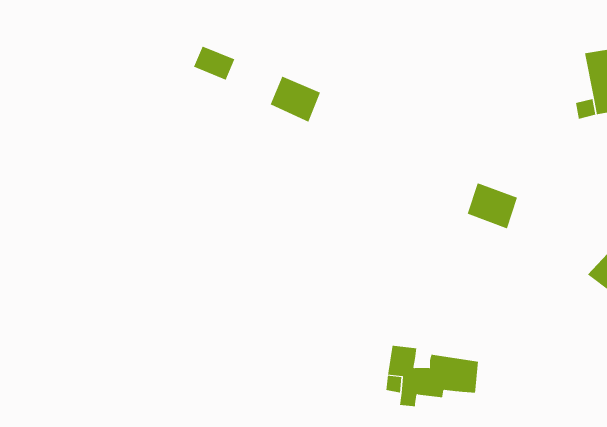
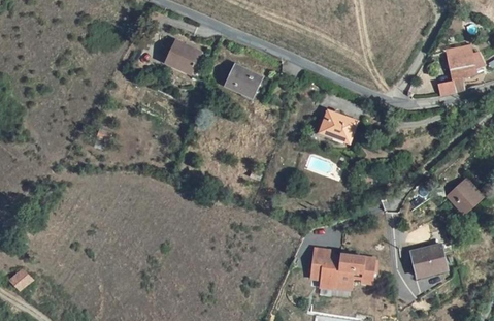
building: [467,182,518,229] -> [322,110,357,142]
building: none -> [408,245,443,277]

